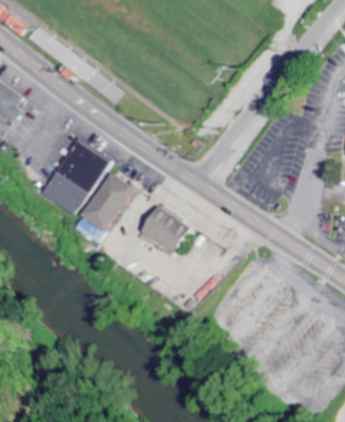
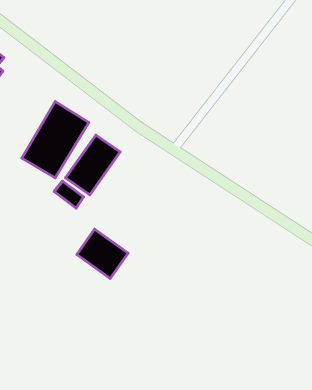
building: [142,207,192,255] -> [77,229,128,278]

